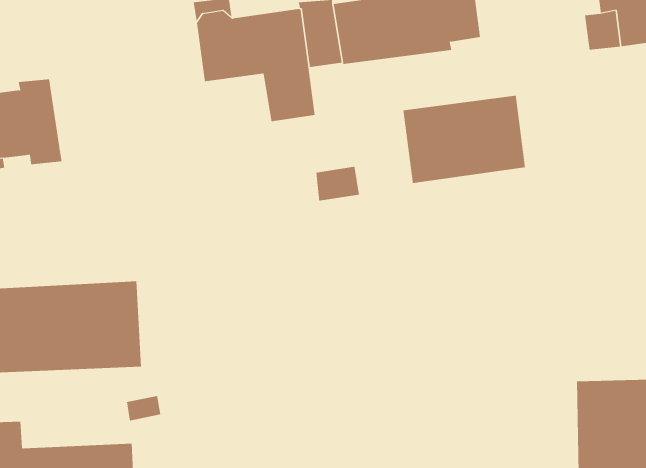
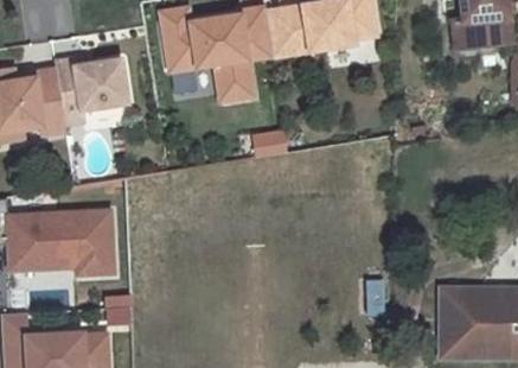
building: none -> [49,53,121,119]
building: [403,95,525,184] -> none

